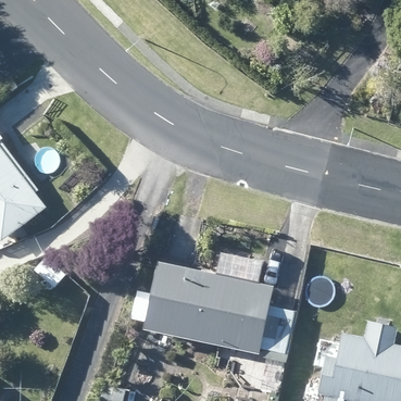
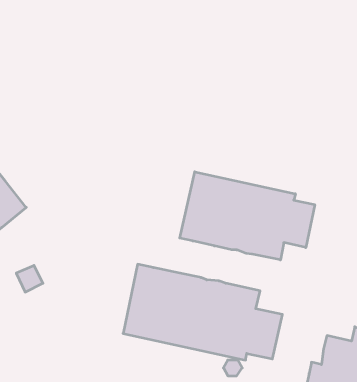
building: none -> [180,172,315,260]

